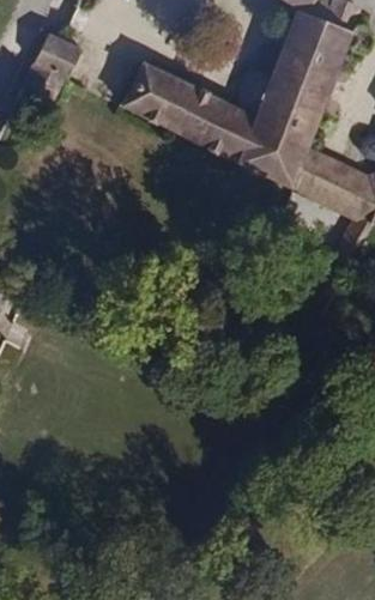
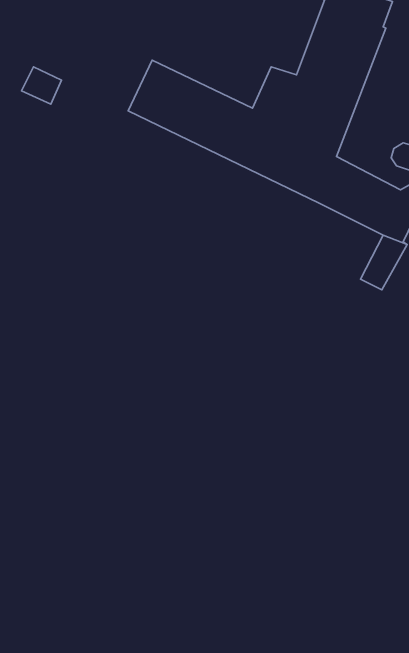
building: [32,34,83,81] -> none

